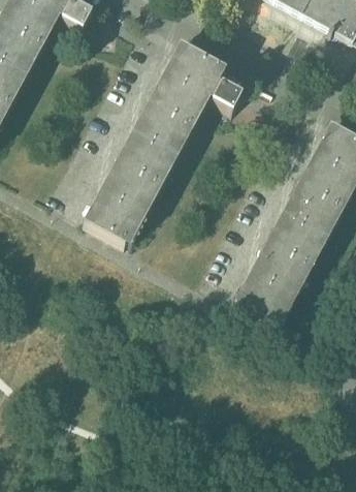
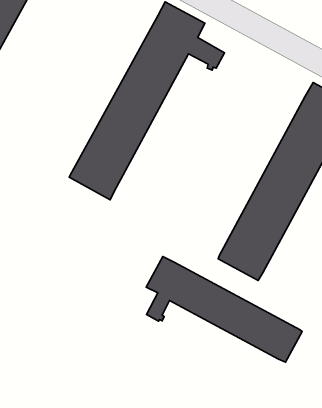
building: none -> [146,256,302,362]

